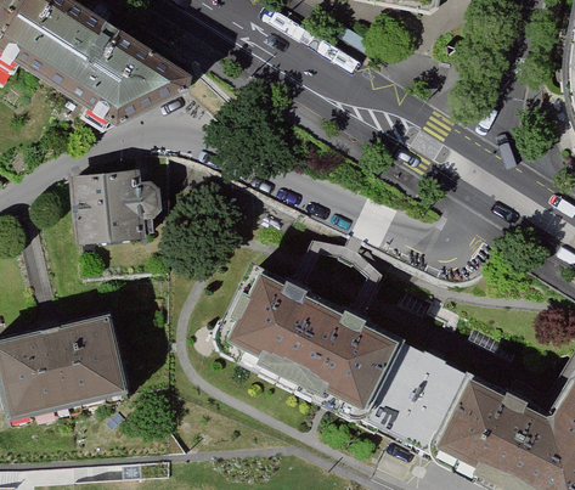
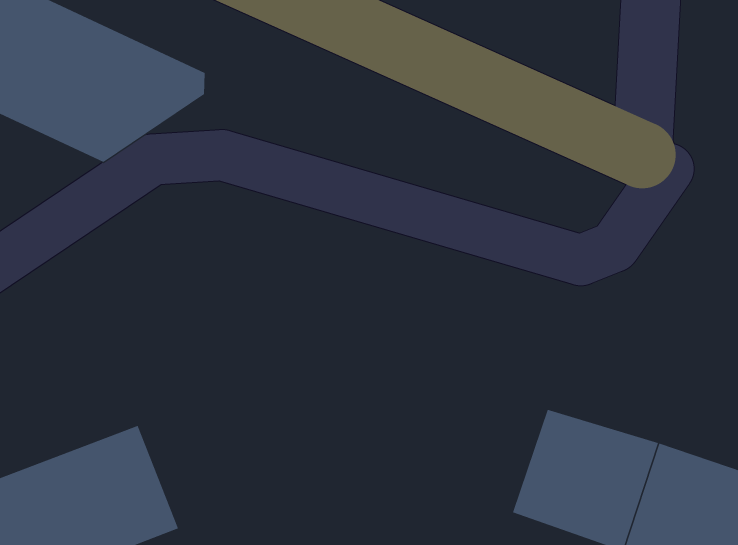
building: [71,169,156,242] -> none
building: [220,269,396,407] -> none

